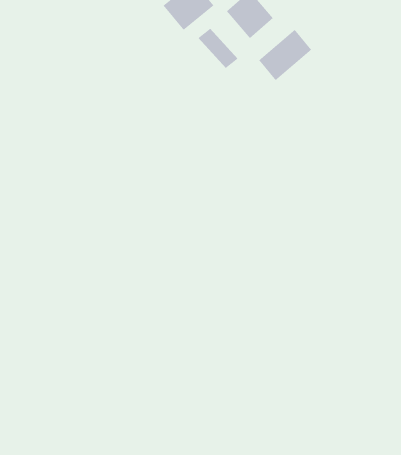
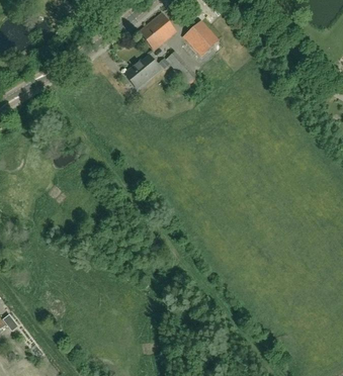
building: [258,29,312,81] -> none
building: none -> [124,57,160,89]

